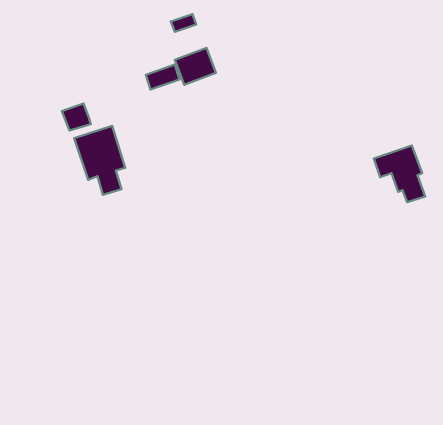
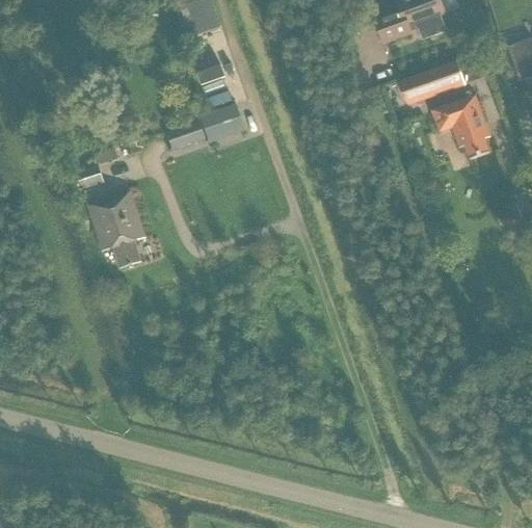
building: none -> [401,63,463,104]
building: [374,145,425,202] -> [432,95,489,158]

